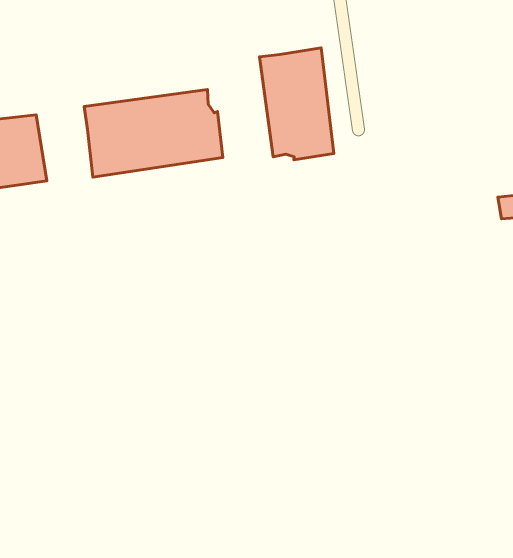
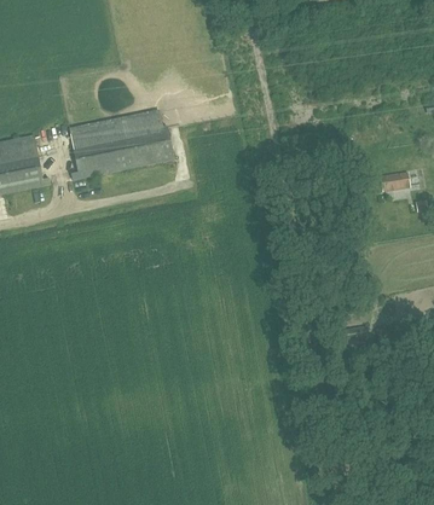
building: [260,48,334,160] -> none

